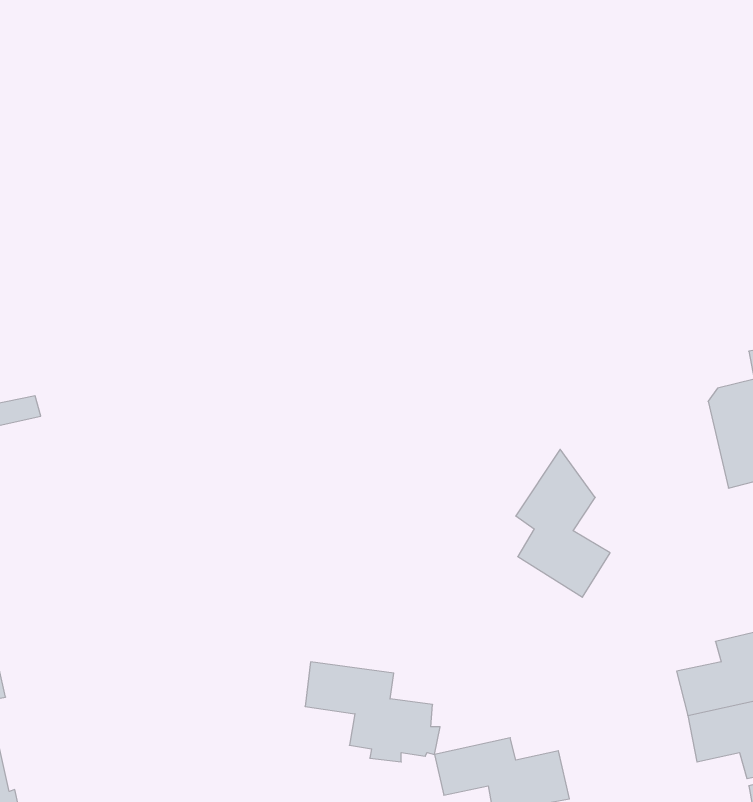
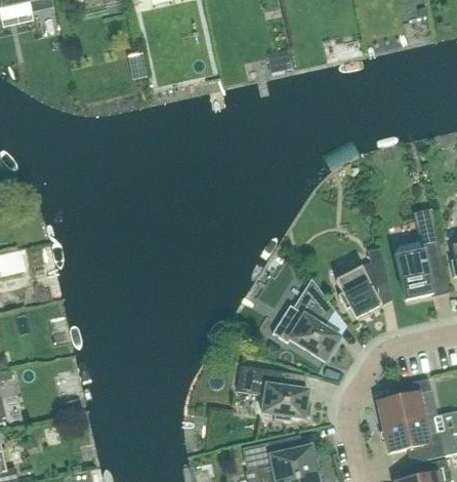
building: none -> [335,248,387,318]
building: [305,662,440,762] -> [237,366,311,421]

